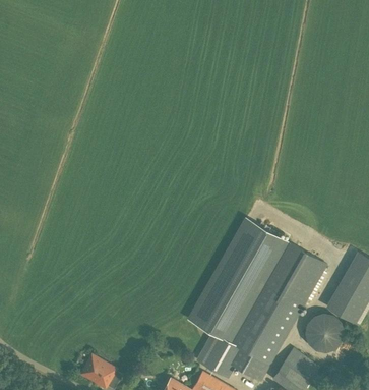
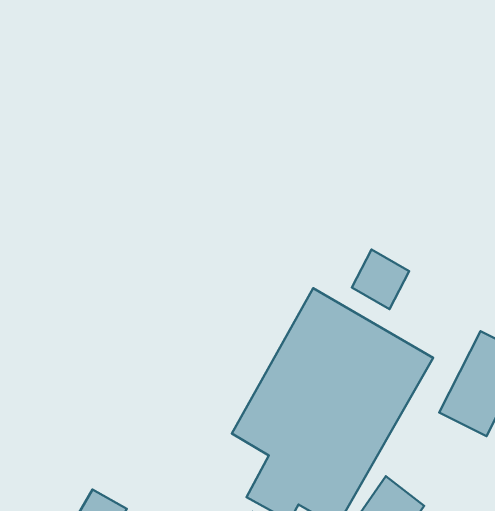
building: none -> [352,249,409,309]
building: [305,315,342,351] -> none

